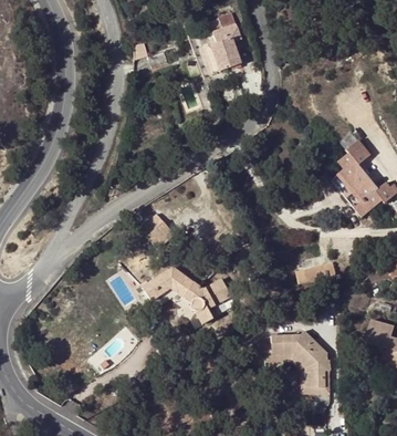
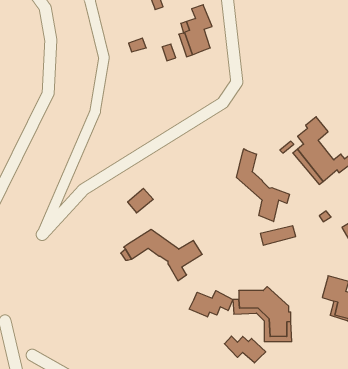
building: none -> [237,149,289,222]
building: none -> [189,291,233,317]
building: none -> [224,336,266,363]

